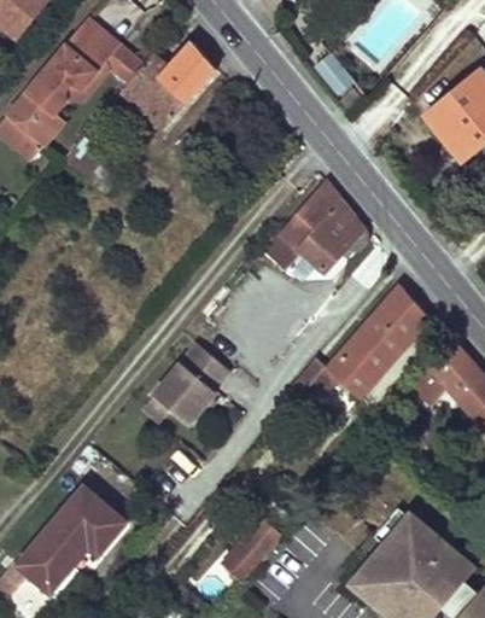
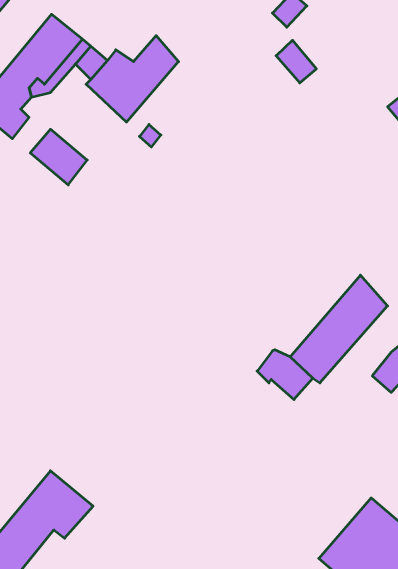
building: [261,180,366,272] -> none
building: [154,344,230,425] -> none
building: [228,513,288,577] -> none

